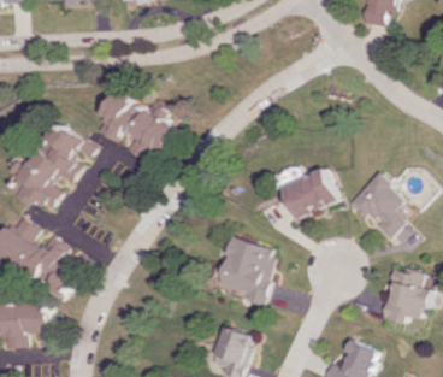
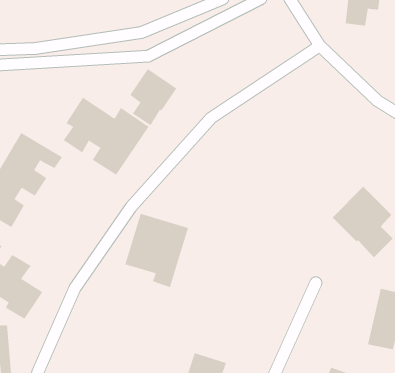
building: none -> [130,68,177,126]
building: [278,169,337,219] -> none
building: [215,237,274,306] -> [125,213,189,288]

